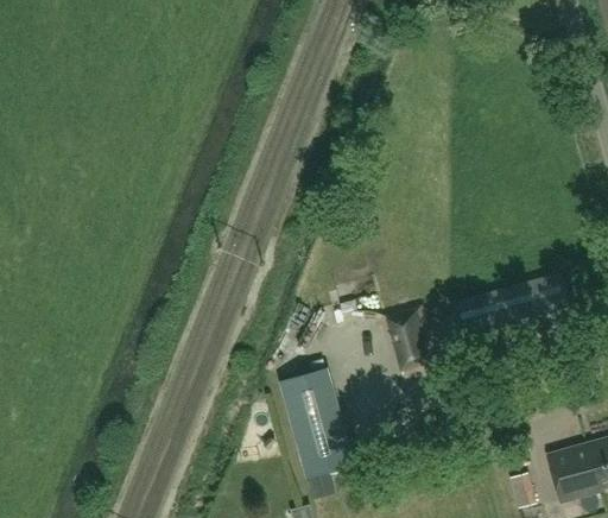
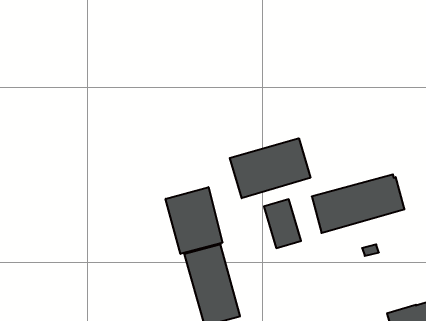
building: none -> [230,138,310,198]
building: none -> [166,187,222,254]

